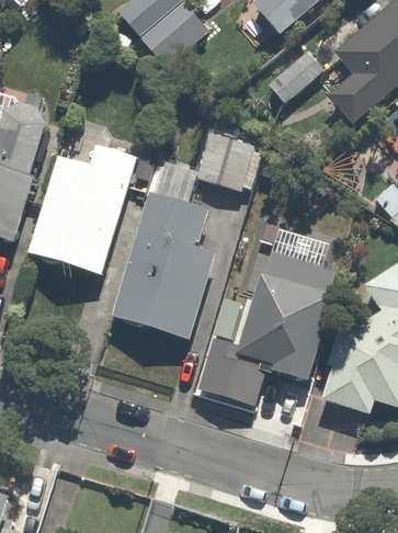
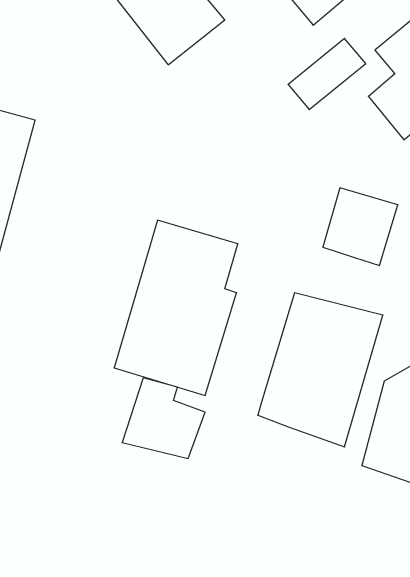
building: [198,129,261,194] -> [323,188,398,266]
building: [30,143,146,280] -> none
building: [191,338,260,405] -> [122,378,205,458]

